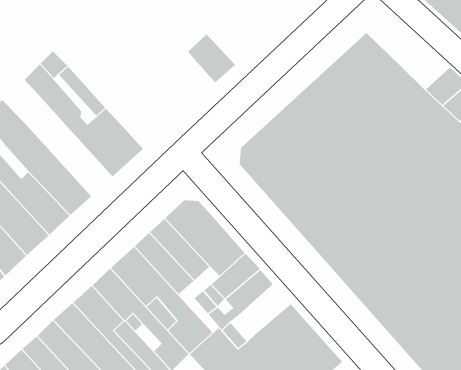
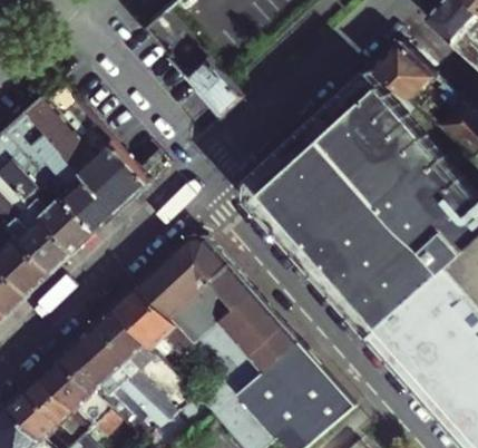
building: none -> [379,43,448,100]
building: none -> [19,129,117,234]
building: none -> [247,324,301,376]

